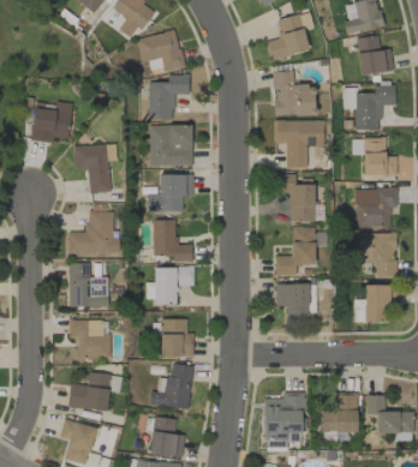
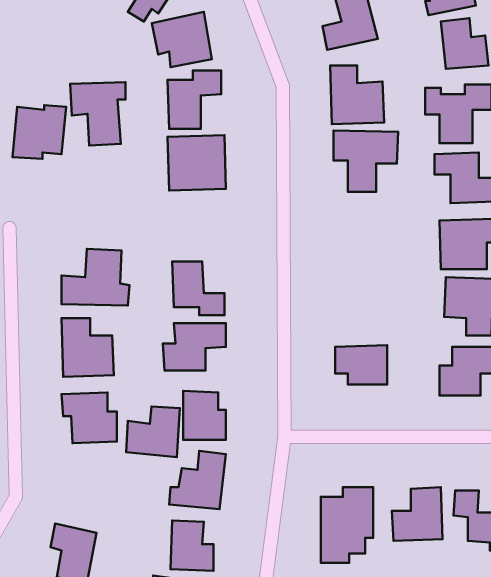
building: [74,144,117,192] -> [70,82,125,145]
building: [276,173,315,221] -> none
building: [148,174,192,211] -> none
building: [276,227,316,275] -> none
building: [70,372,111,411] -> [126,407,180,457]

